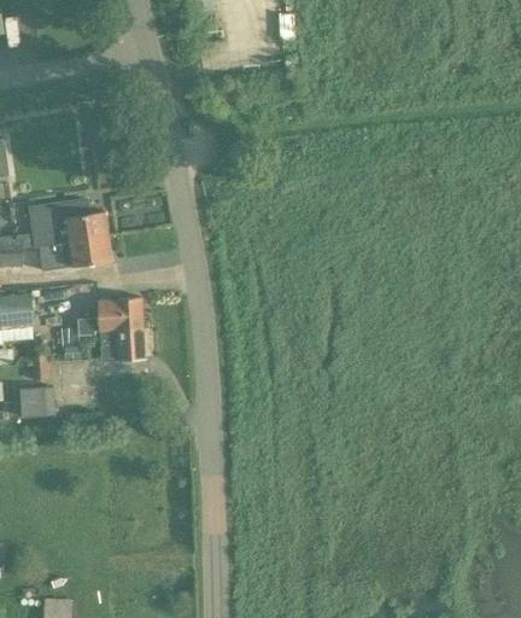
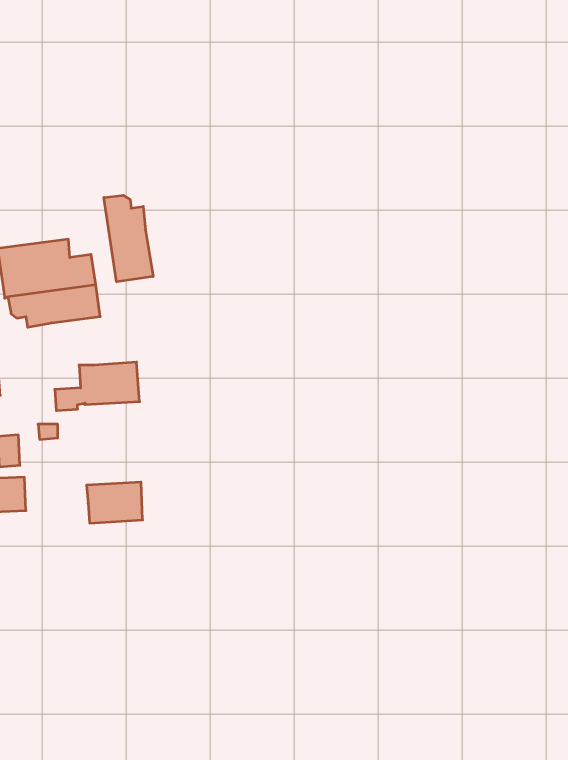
building: none -> [104,195,153,282]
building: [100,328,145,361] -> [87,482,143,523]

